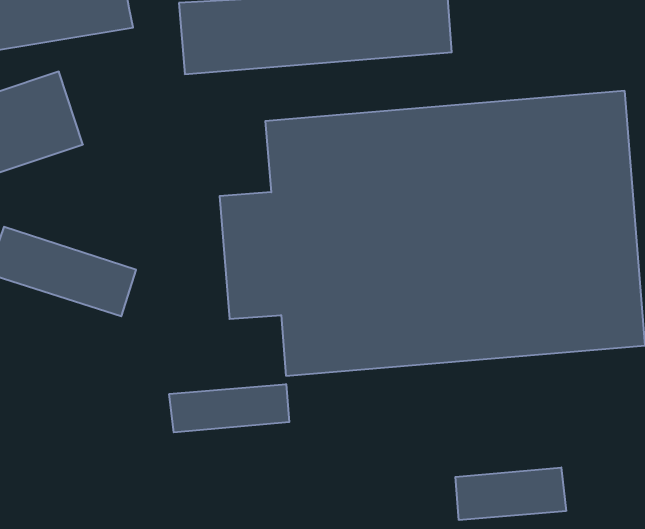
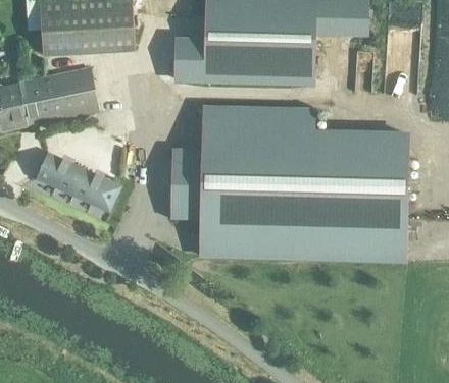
building: [169,384,289,432] -> none
building: [455,467,566,520] -> none

